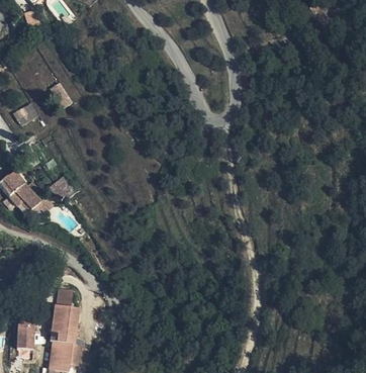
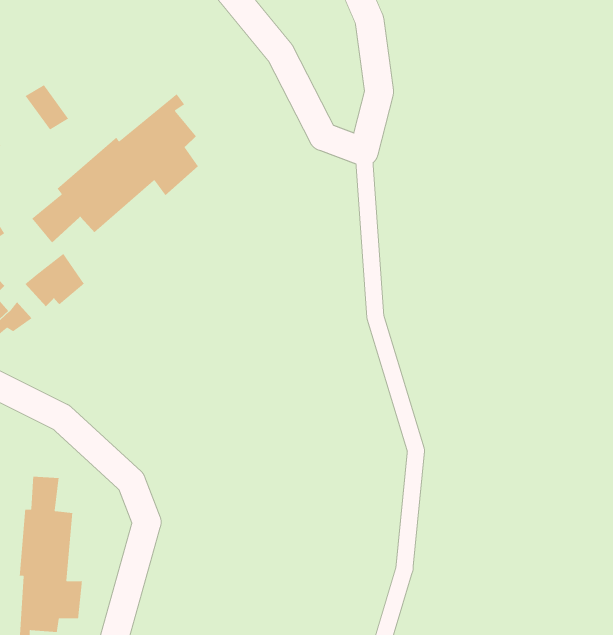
building: none -> [31,93,199,244]

